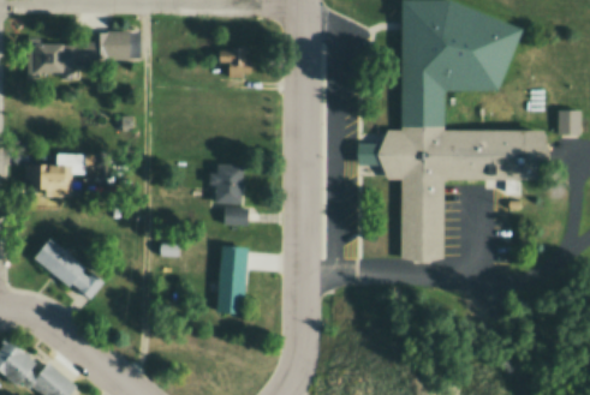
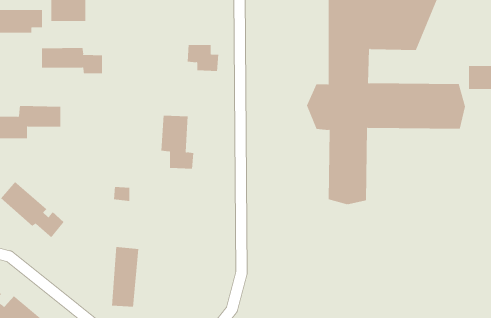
building: [220,47,256,77] -> [187,44,219,71]
building: none -> [41,47,102,74]
building: [216,246,248,313] -> [111,247,139,307]

